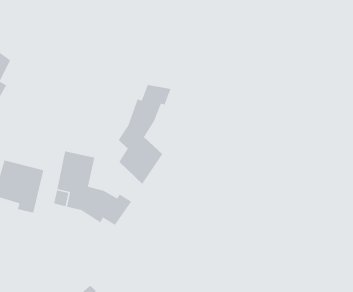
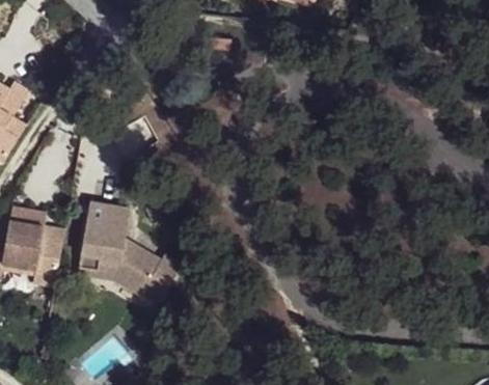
building: [118,84,172,185] -> none

